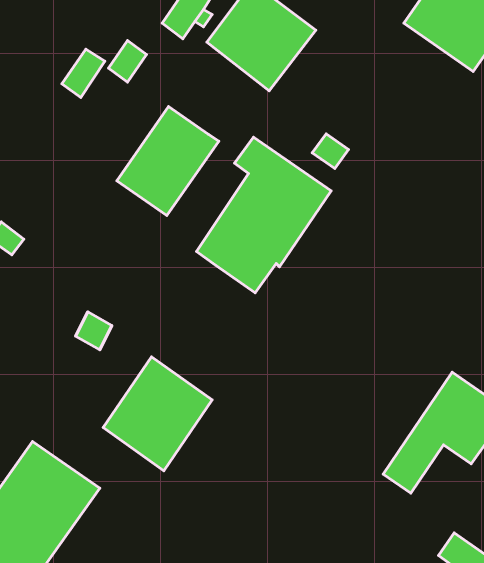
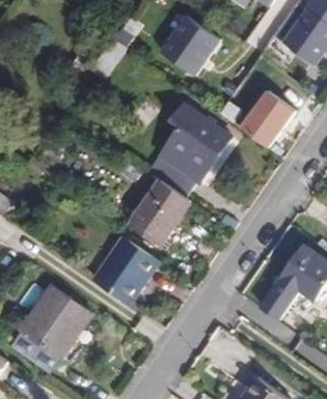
building: [117,107,219,215] -> [130,180,191,246]
building: none -> [237,86,296,146]

